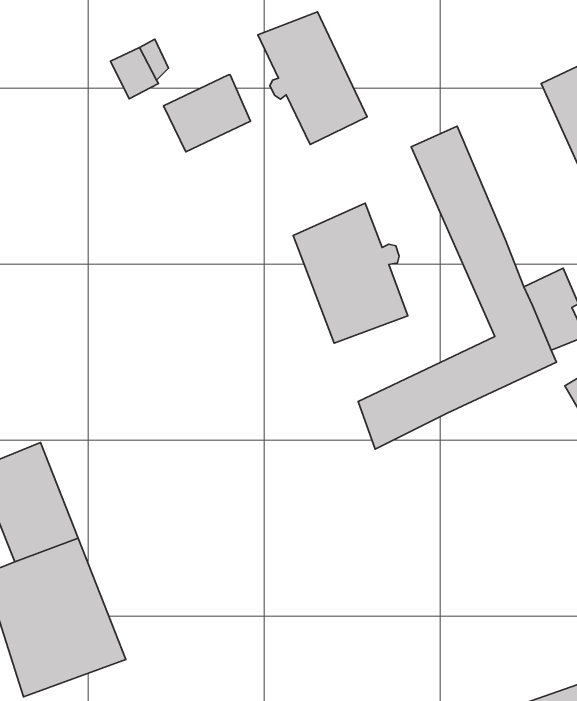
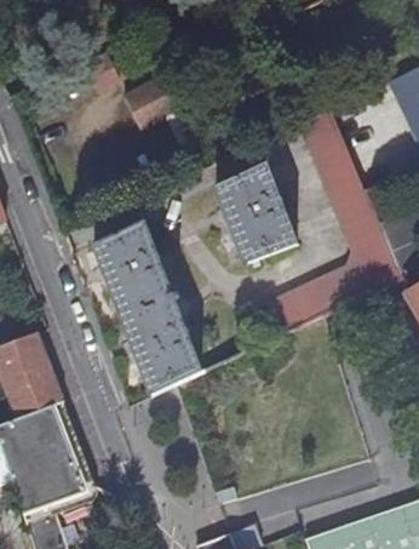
building: [258,12,367,144] -> none
building: none -> [93,221,201,393]

